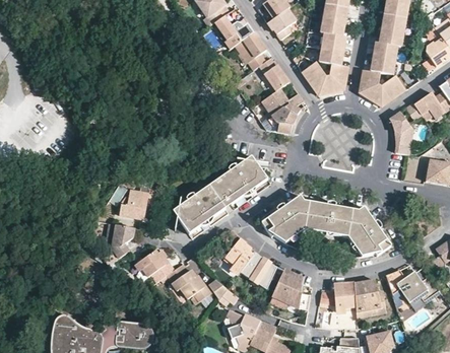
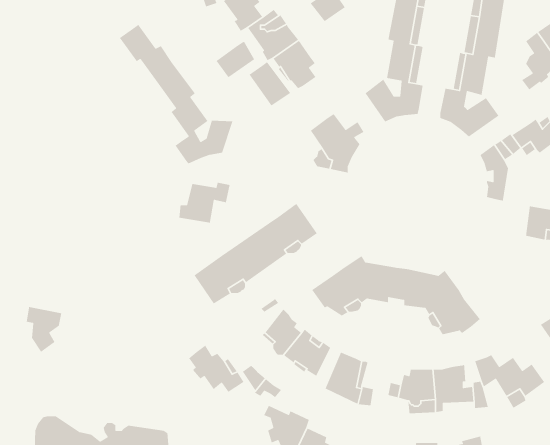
building: [265,9,295,42] -> none
building: none -> [119,24,234,165]
building: none -> [215,41,255,78]
building: [256,57,288,91] -> [248,61,291,107]
building: [120,187,159,218] -> [178,182,231,223]
building: [108,222,135,258] -> [26,306,62,353]
building: [133,249,175,278] -> none

